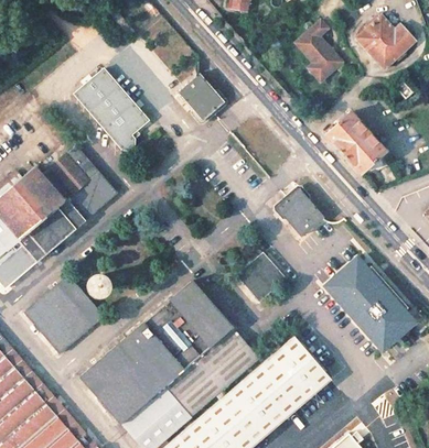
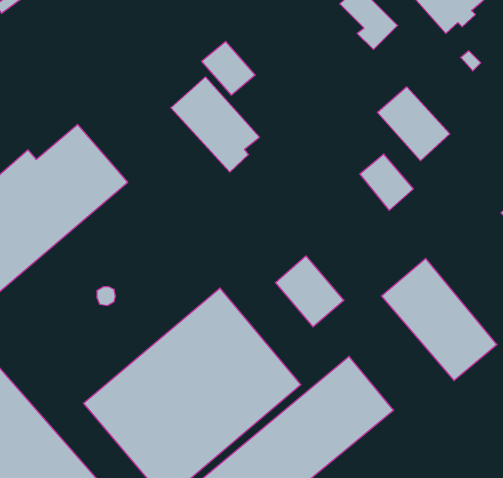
building: [75,69,148,147] -> [171,77,259,172]
building: [277,187,321,233] -> [360,154,413,210]
building: [26,273,104,350] -> none

